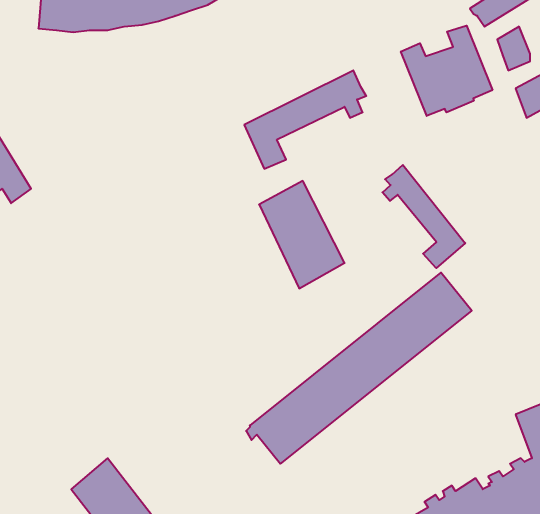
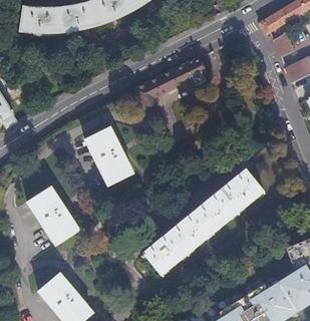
building: [401,26,492,116] -> none
building: [382,165,465,268] -> none
building: [259,181,345,288] -> [82,124,129,184]
building: none -> [25,185,77,245]

